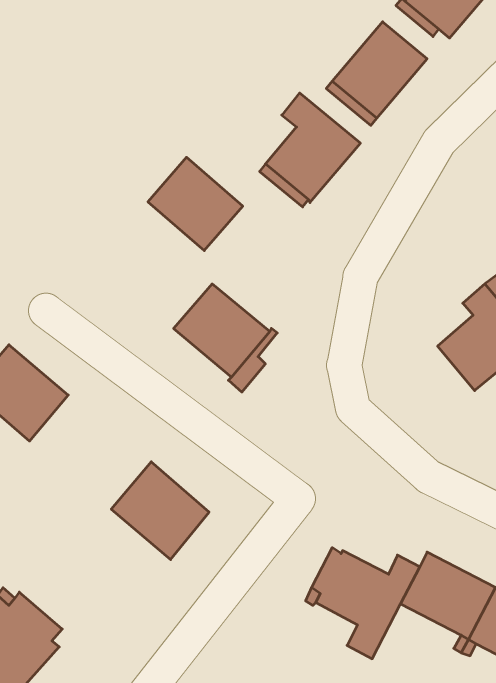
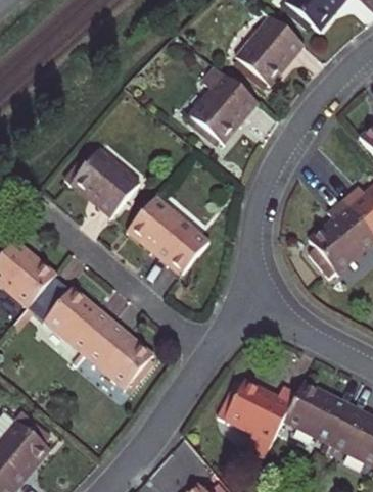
building: [148,157,243,251] -> [73,149,138,213]
building: none -> [45,287,112,352]

